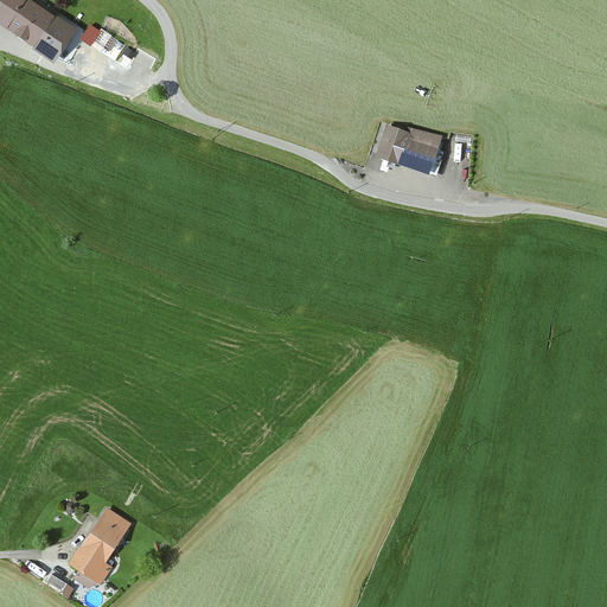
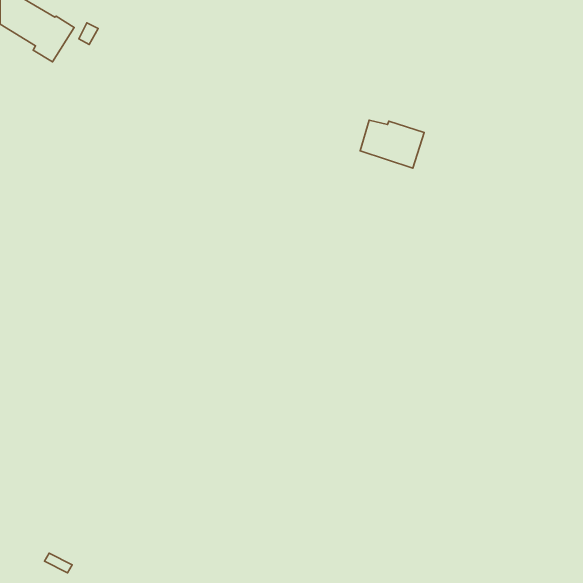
building: [66,505,132,592] -> none

